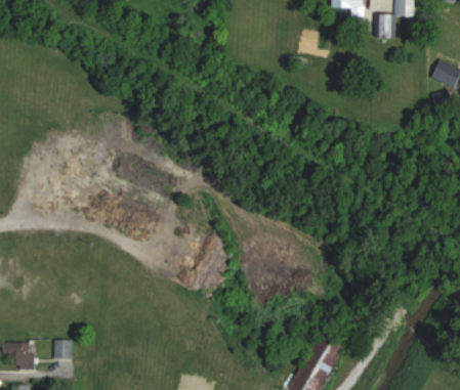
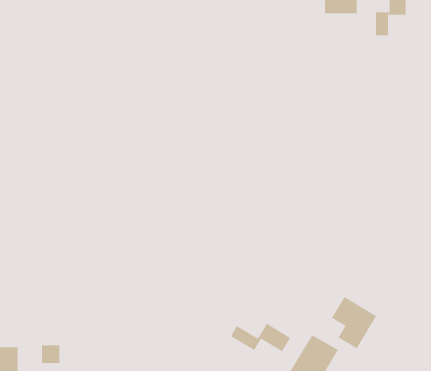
building: none -> [331,296,377,349]
building: none -> [230,323,291,352]

